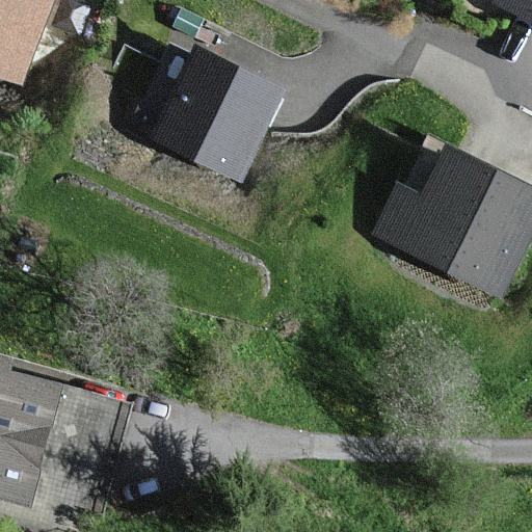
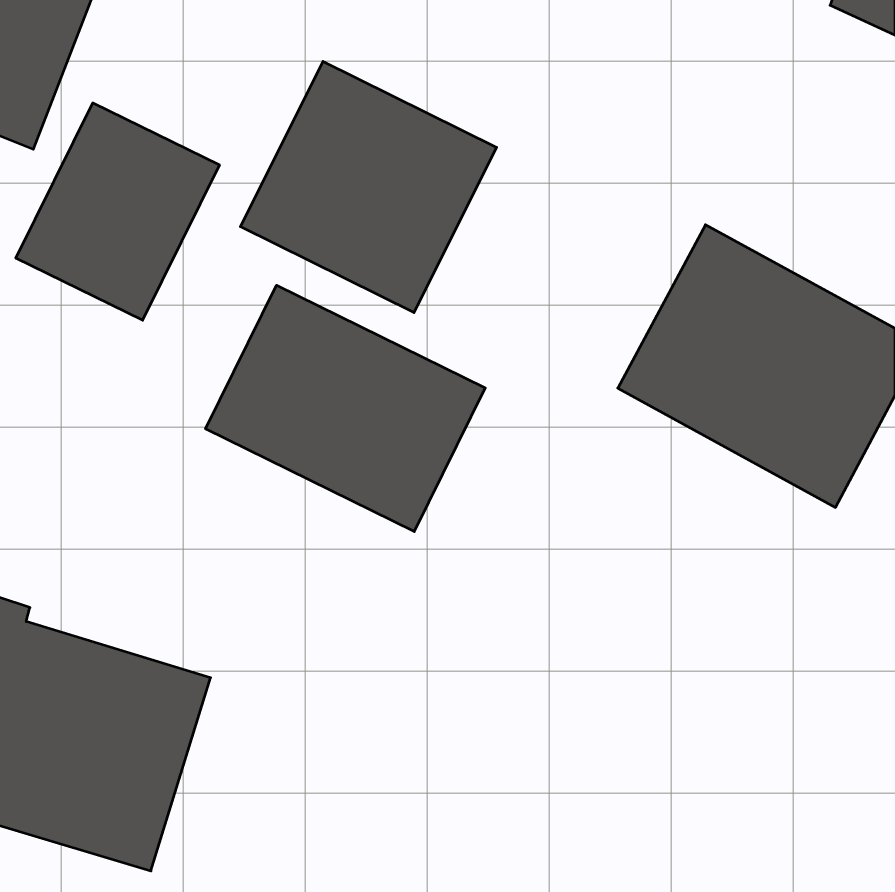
building: none -> [16,103,219,320]
building: none -> [206,285,485,532]

